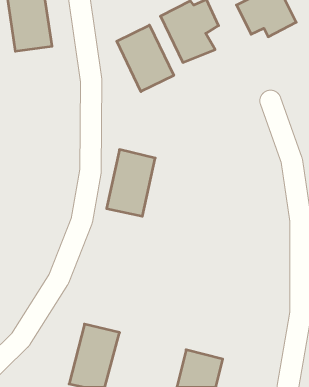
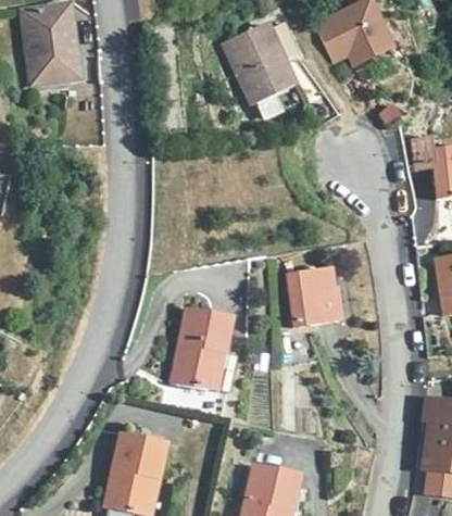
building: [117,25,174,92] -> none
building: [107,150,155,216] -> [169,306,231,391]
building: none -> [286,270,344,327]

